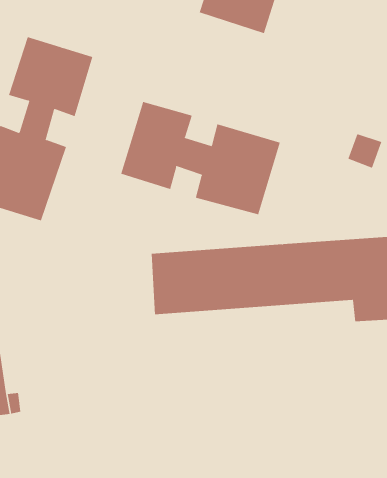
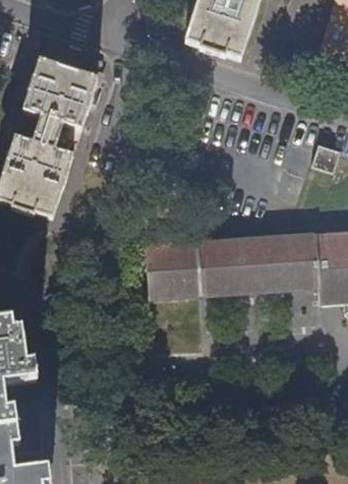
building: [121,101,281,215] -> none

